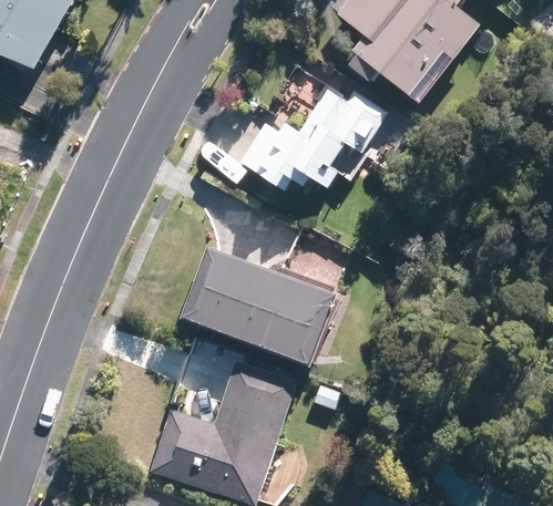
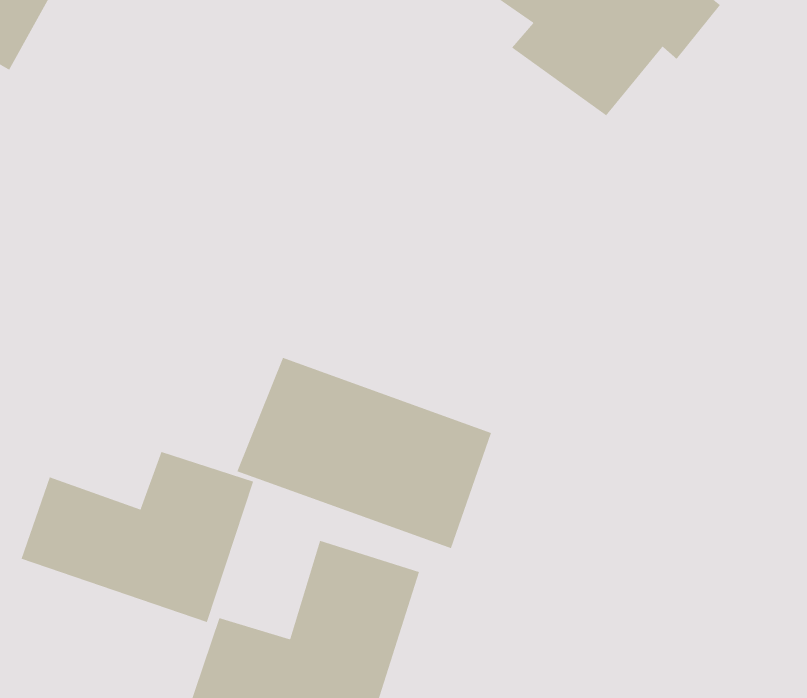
building: [237,90,380,189] -> none
building: none -> [21,451,254,623]

